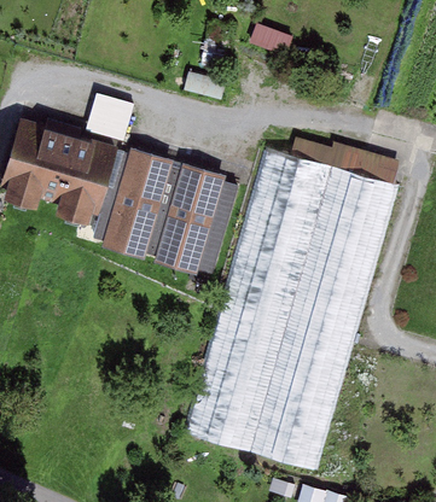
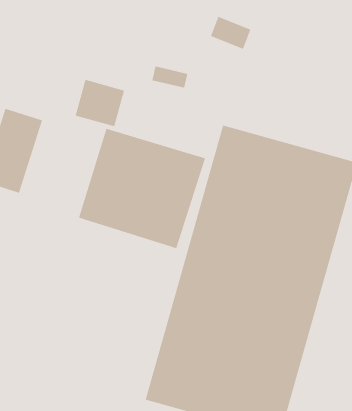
building: [37,133,105,226] -> none

